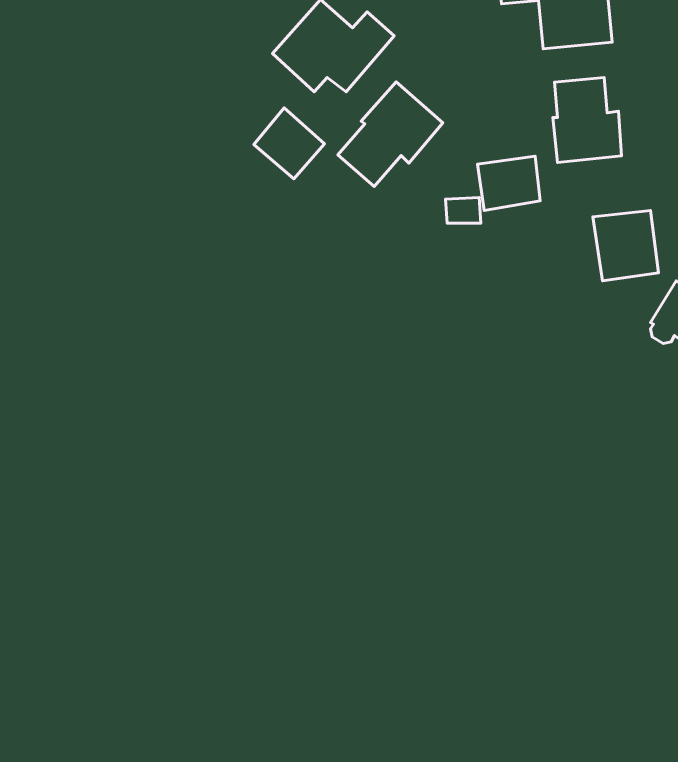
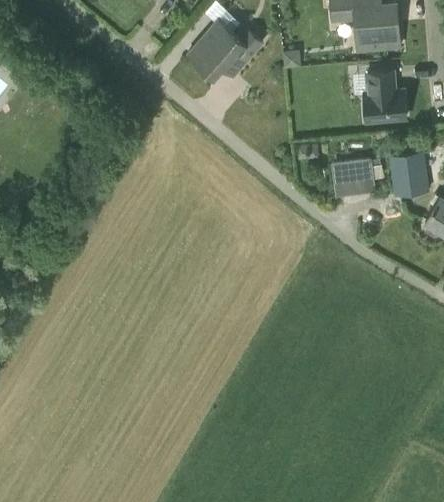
building: [338,82,443,187] -> none
building: [254,108,325,179] -> none
building: [478,156,540,211] -> [333,159,372,193]

